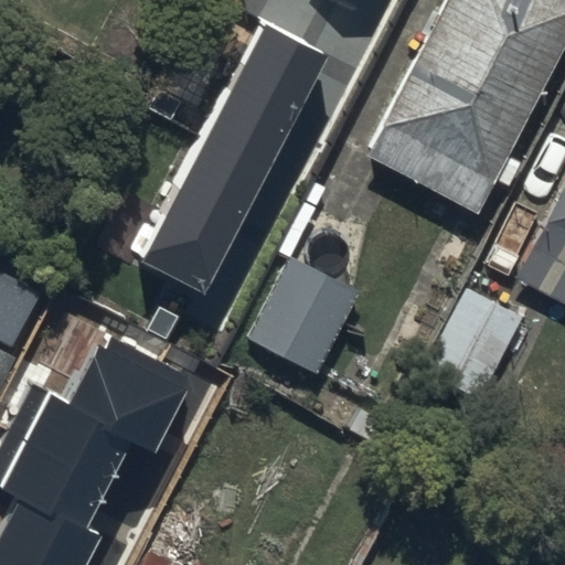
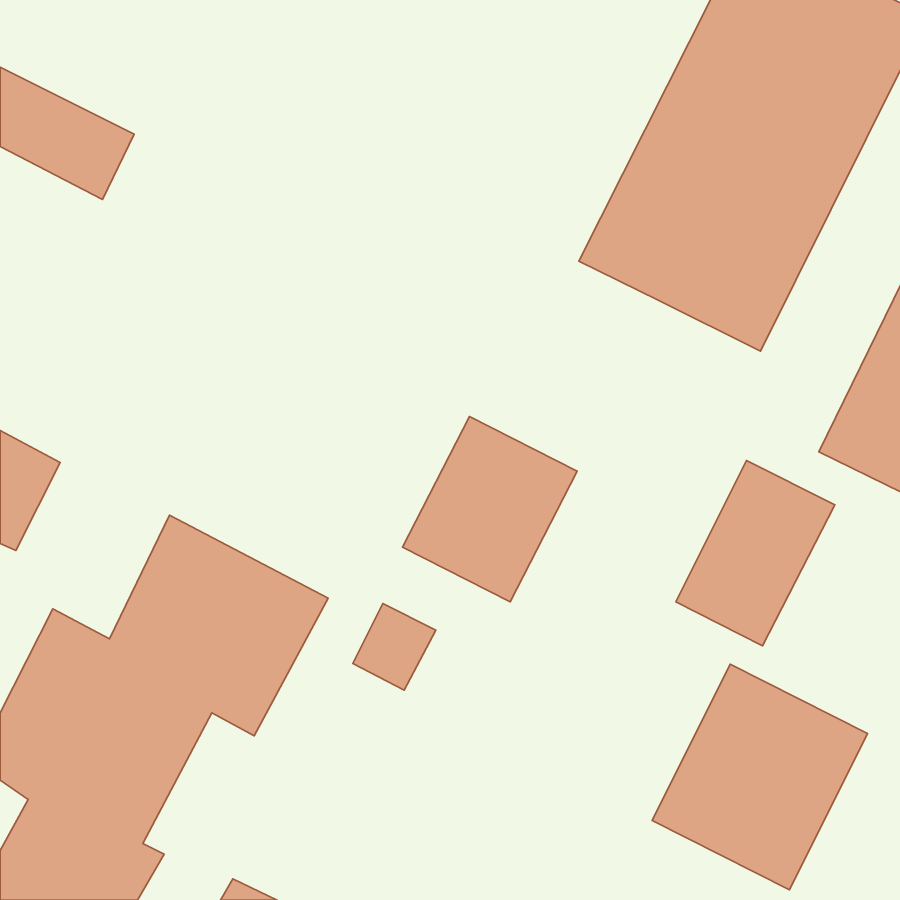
building: [134,17,329,286] -> none
building: none -> [652,664,868,890]

